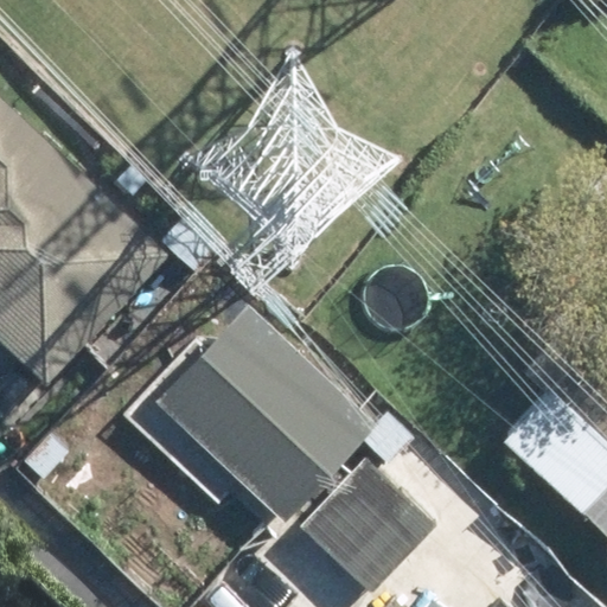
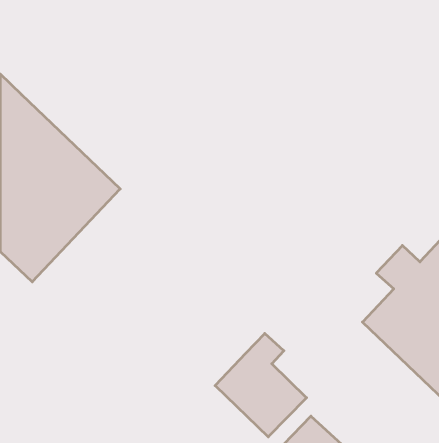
building: [129,309,364,526] -> none

